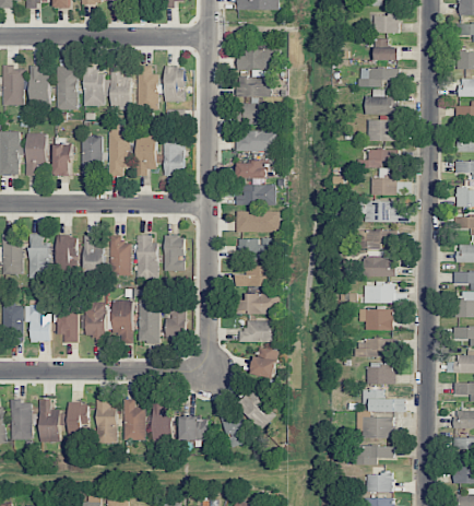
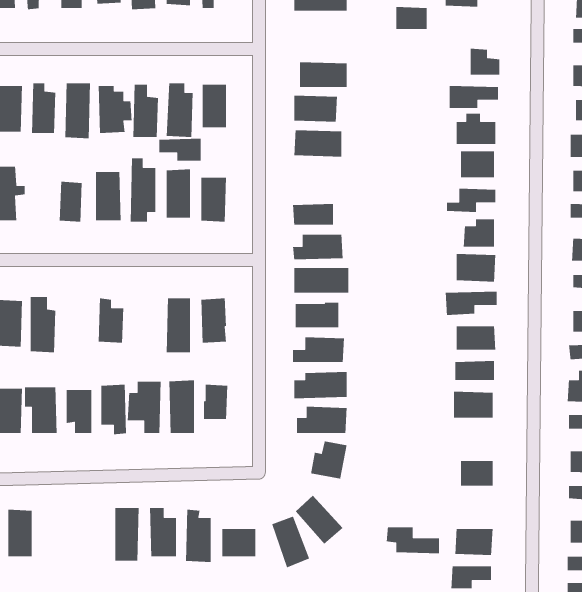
building: [374,14,399,33] -> [396,6,428,30]
building: none -> [159,138,202,162]
building: [236,130,280,151] -> none
building: [26,132,47,176] -> none
building: [57,235,78,267] -> none
building: [109,236,131,275] -> none
building: [356,338,394,357] -> none
building: [363,390,405,412] -> [386,526,440,554]
building: [39,400,60,442] -> none
building: [68,402,87,438] -> none

